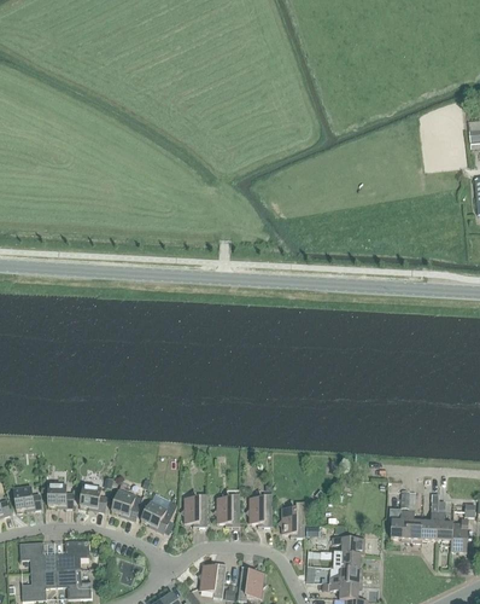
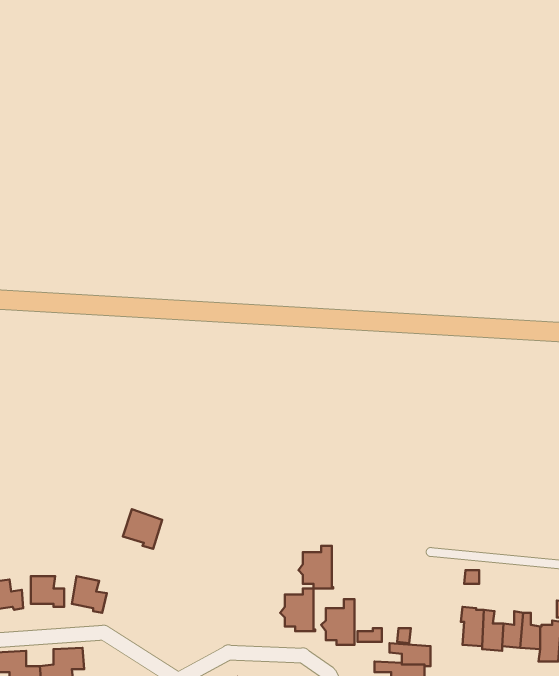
building: [111,489,142,521] -> [123,509,162,549]
building: [180,493,207,527] -> none
building: [212,493,240,527] -> [298,546,333,589]
building: [141,500,177,533] -> none

